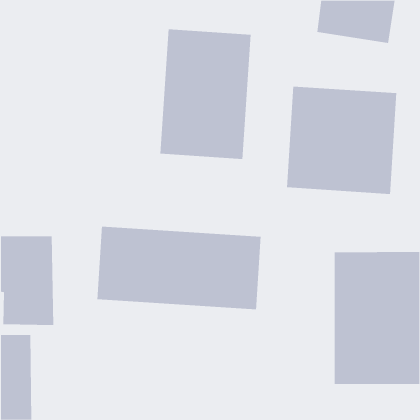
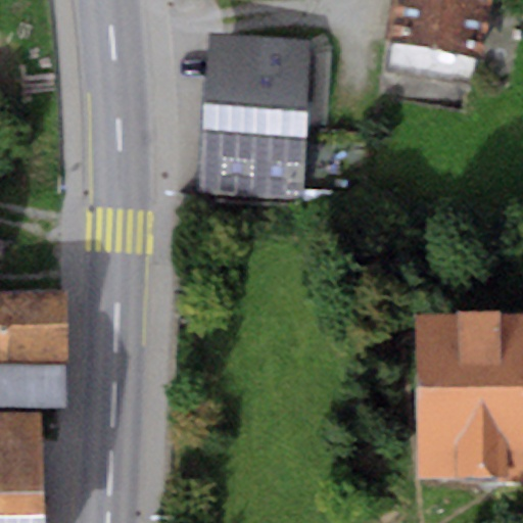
building: [286,86,397,195] -> none
building: [97,226,261,310] -> none

